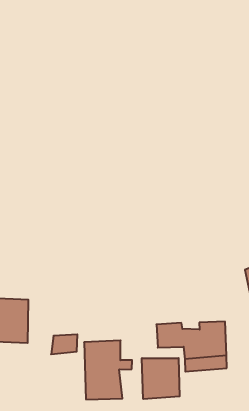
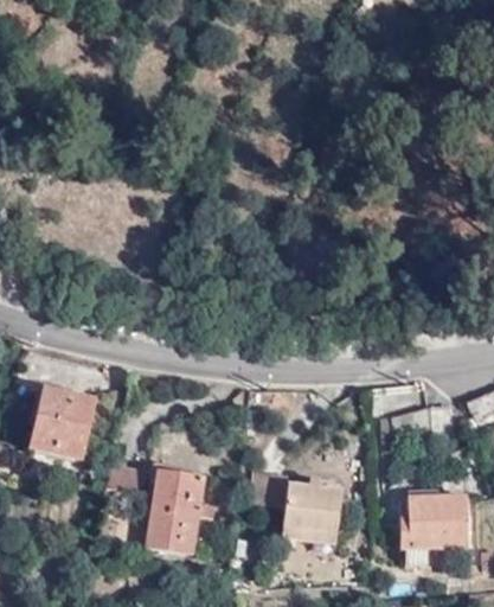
building: [142,358,180,399] -> none

